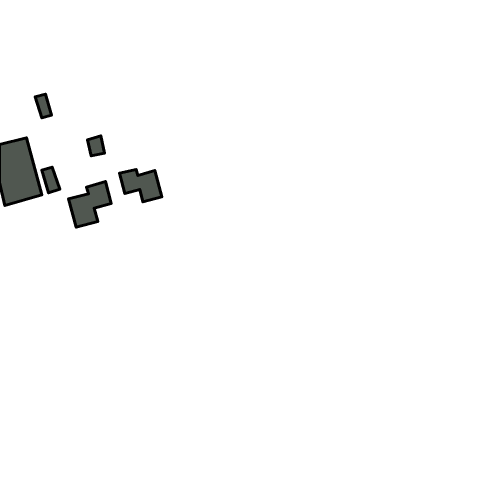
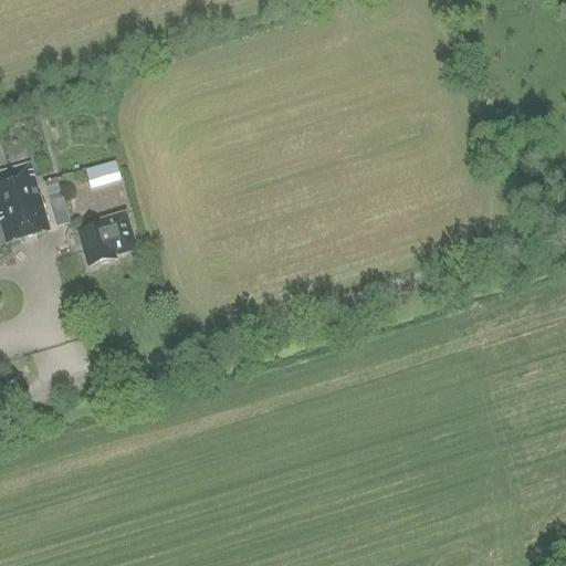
building: [119,169,162,202] -> none

